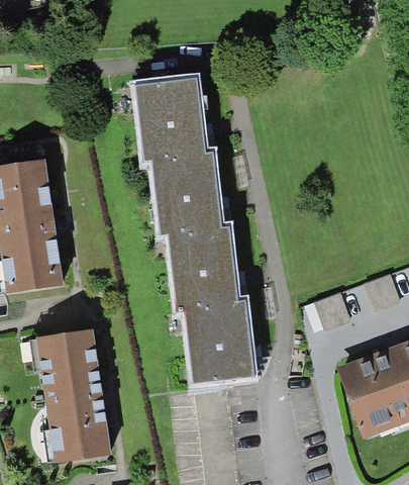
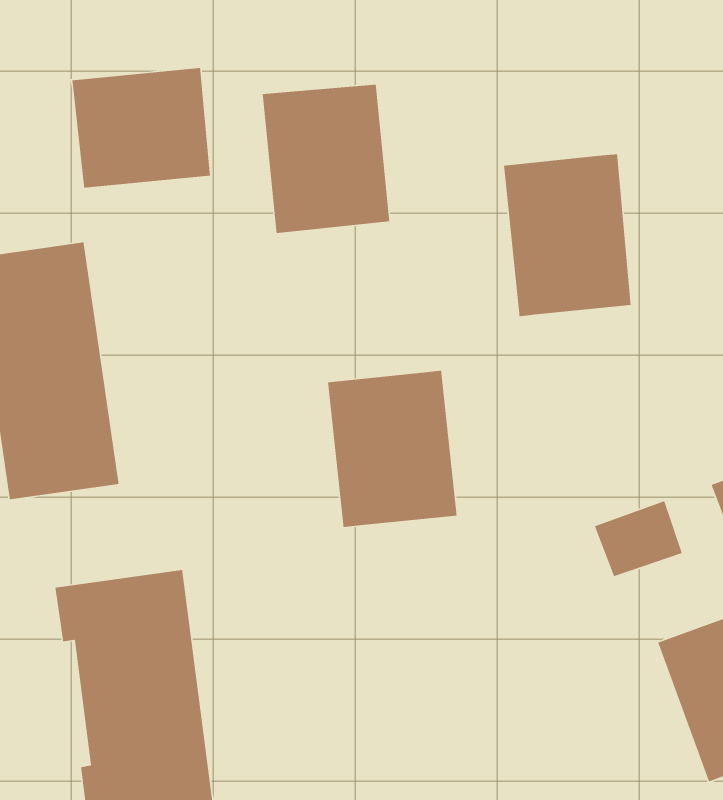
building: none -> [71,67,211,188]
building: [154,150,219,233] -> [503,153,632,317]
building: [187,300,253,381] -> none

